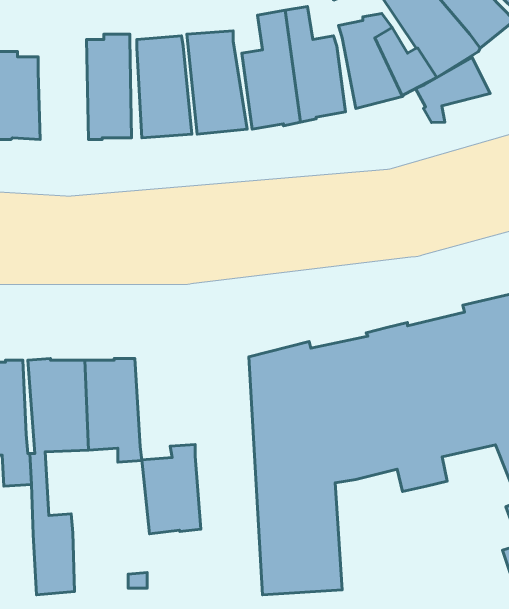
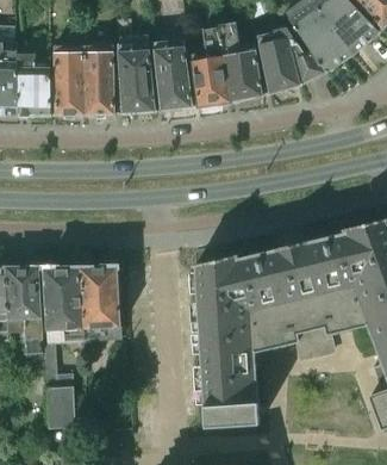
building: none -> [54,45,85,114]
building: [416,57,490,122] -> none
building: [142,445,201,534] -> none

